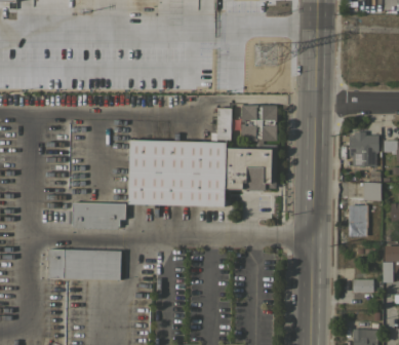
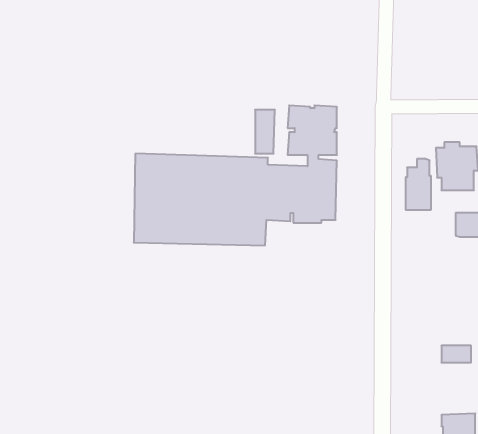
building: [349,199,367,236] -> [406,159,431,210]
building: [70,202,125,229] -> none
building: [49,248,121,280] -> none

